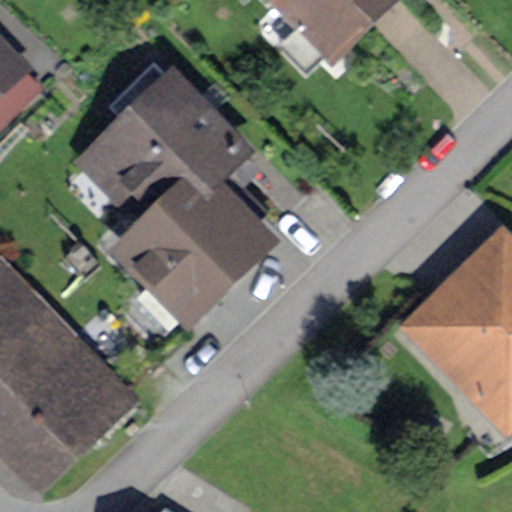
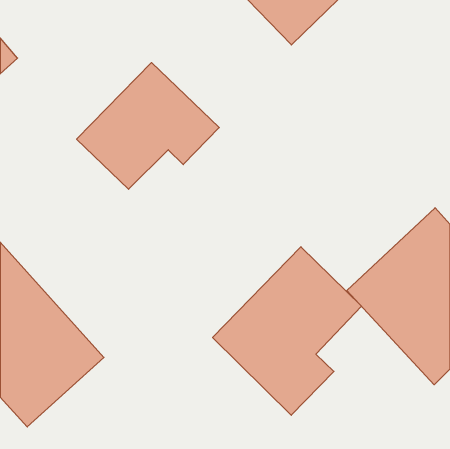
building: [120,170,266,316] -> none
building: none -> [213,247,362,415]

